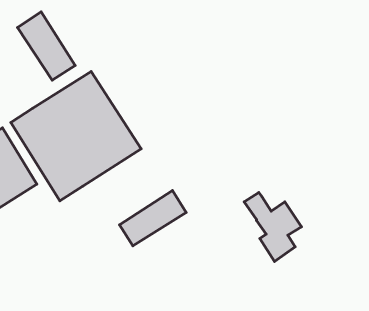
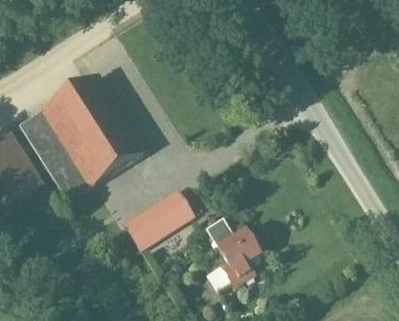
building: [18,12,75,80] -> none
building: [244,192,302,261] -> [206,218,262,286]

